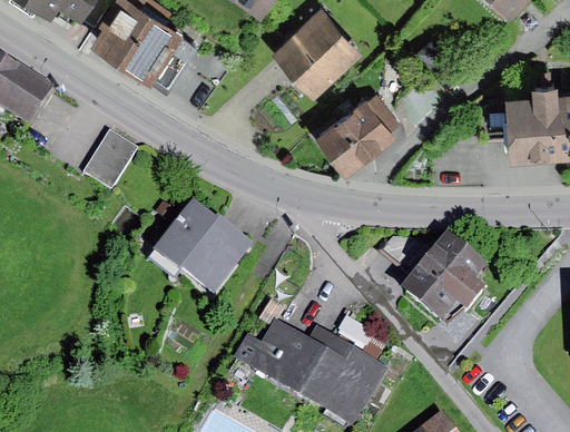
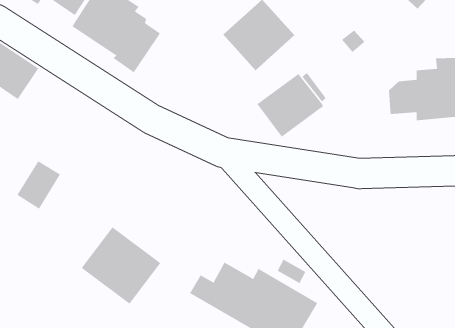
building: [83,130,137,189] -> [17,161,61,209]
building: [154,199,250,294] -> [81,226,161,305]
building: [401,230,485,321] -> none

